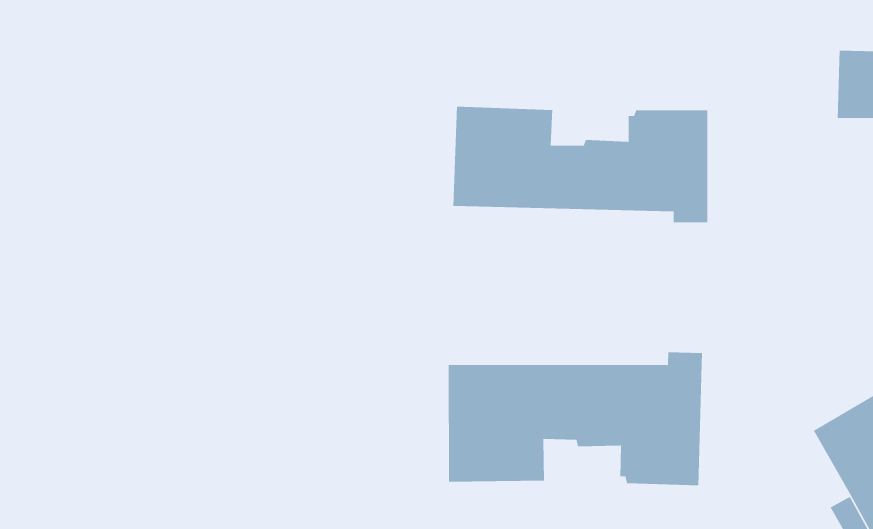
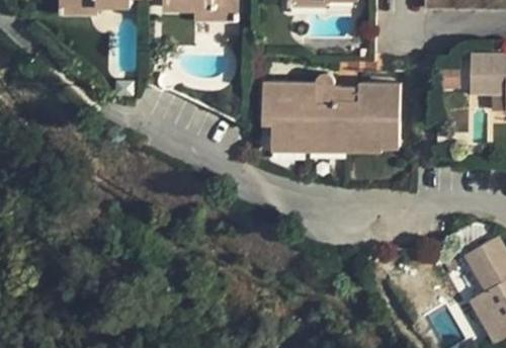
building: none -> [315,78,356,105]
building: [448,351,703,486] -> none

